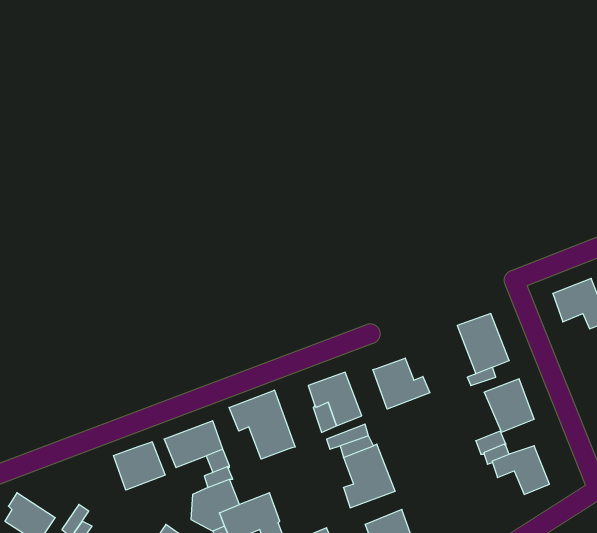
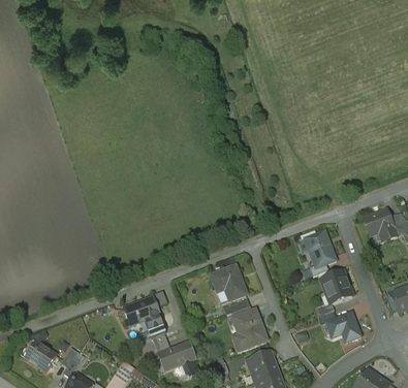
building: [373,358,430,409] -> none
building: [229,390,295,459] -> none
building: [114,442,165,490] -> none

